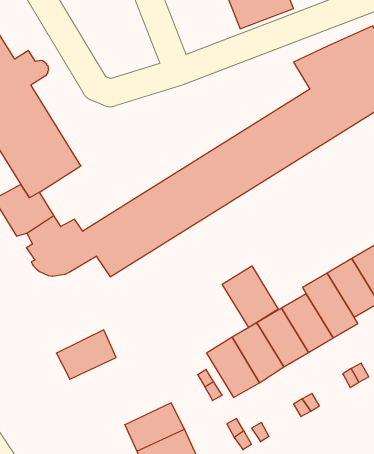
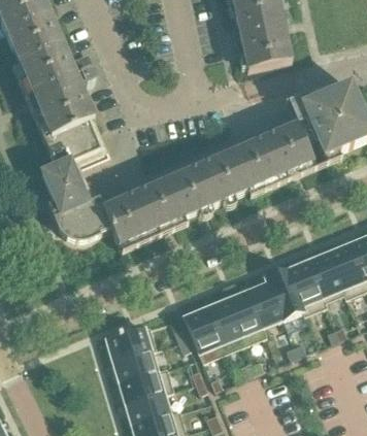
building: [222,266,278,328] -> none
building: [56,330,116,379] -> [105,325,151,359]

